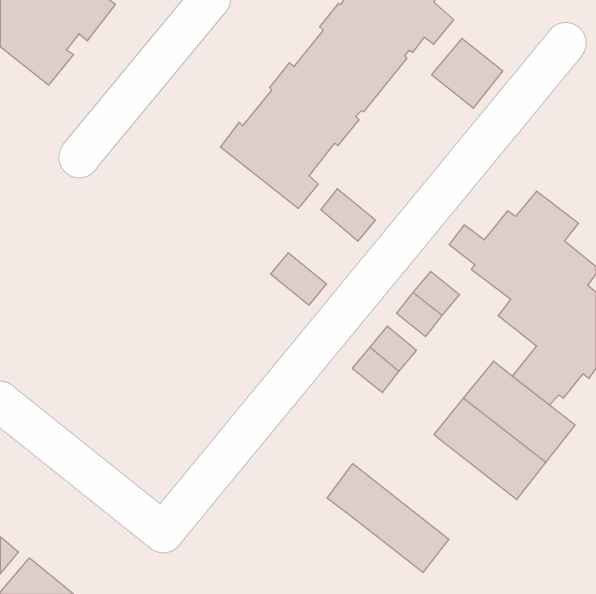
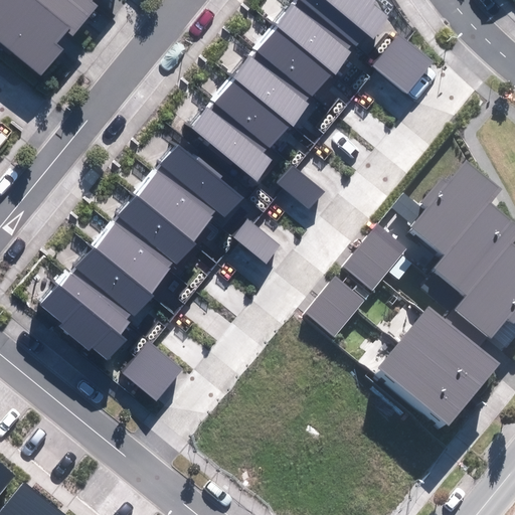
building: none -> [42,142,243,361]
building: none -> [122,341,183,401]
building: [327,464,449,572] -> none

